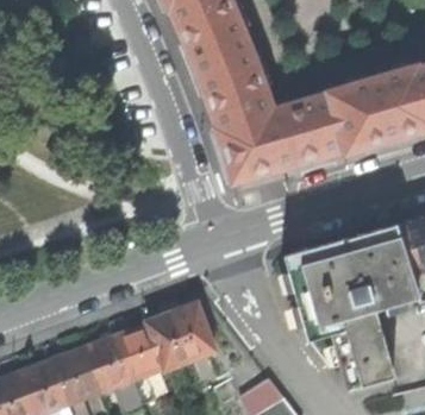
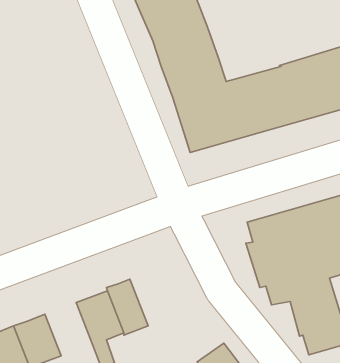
building: [171,302,214,359] -> none
building: [85,335,133,390] -> none

